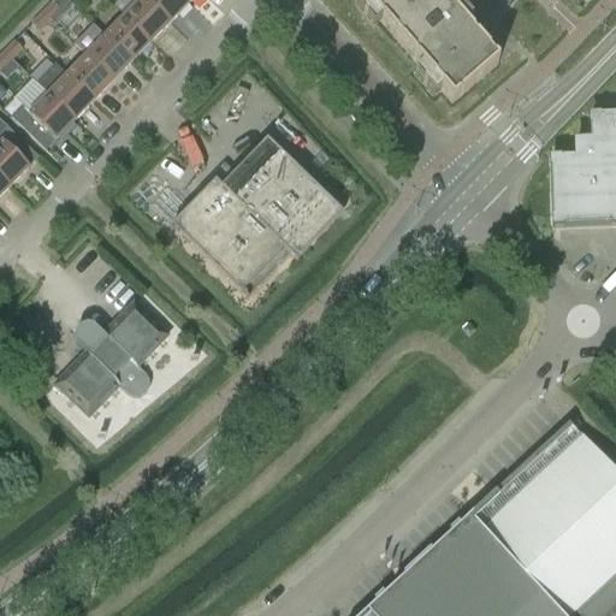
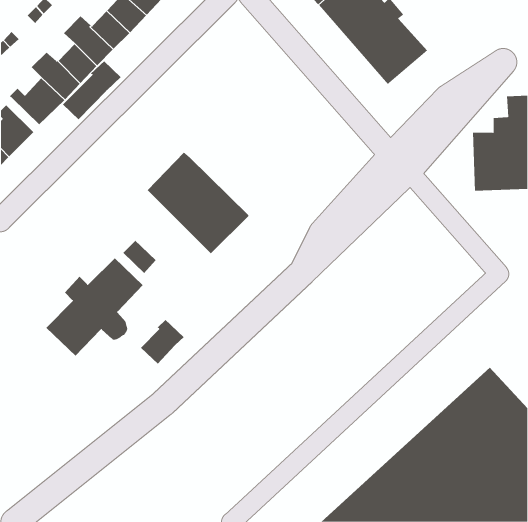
building: none -> [62,60,121,120]
building: [221,136,342,256] -> none
building: none -> [123,239,157,274]
building: none -> [140,319,184,365]

